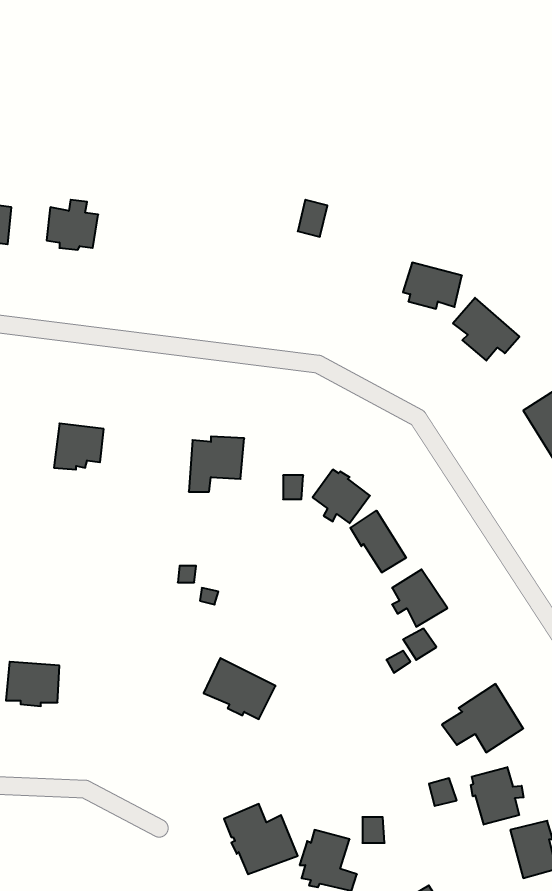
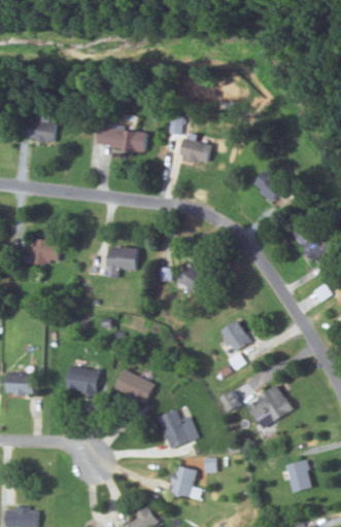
building: none -> [97,121,146,151]
building: [403,263,462,309] -> [177,138,210,164]
building: [350,511,406,573] -> none
building: none -> [65,365,99,398]
building: [471,767,524,825] -> none
building: [224,804,298,874] -> [156,410,197,449]

